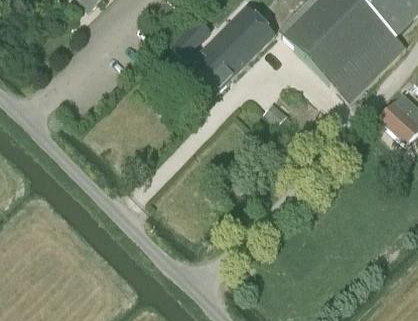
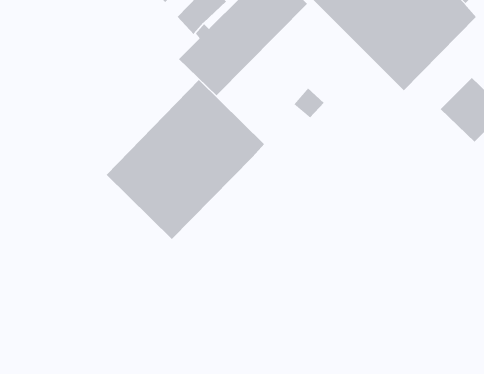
building: none -> [106,79,265,240]

